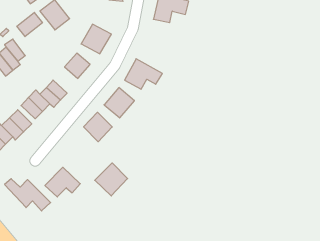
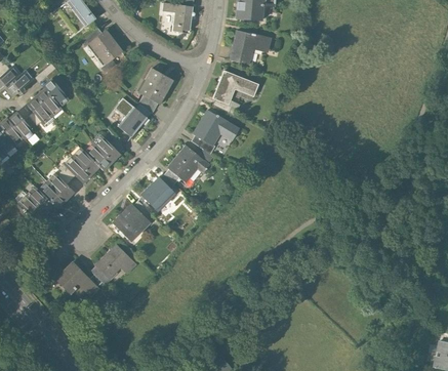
building: [17,12,42,37] -> none
building: none -> [213,68,259,104]
building: [95,163,128,196] -> [111,201,152,242]

